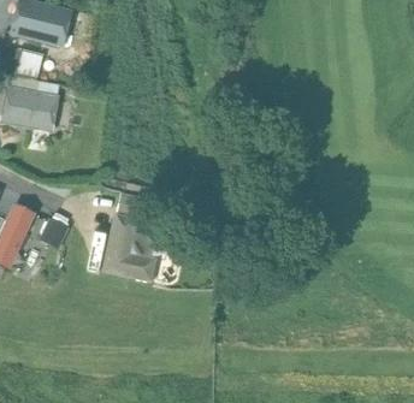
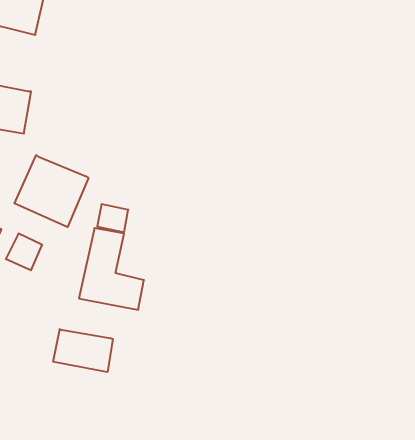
building: none -> [14,155,88,227]
building: none -> [53,329,113,372]

